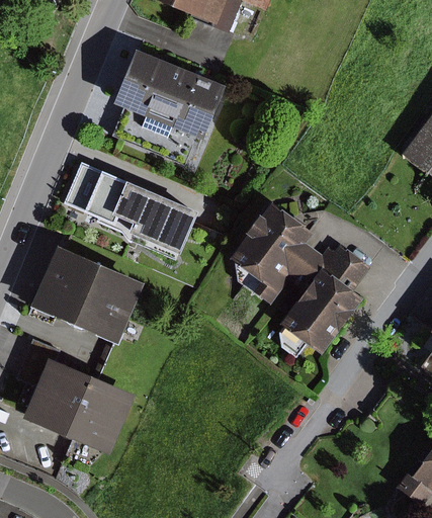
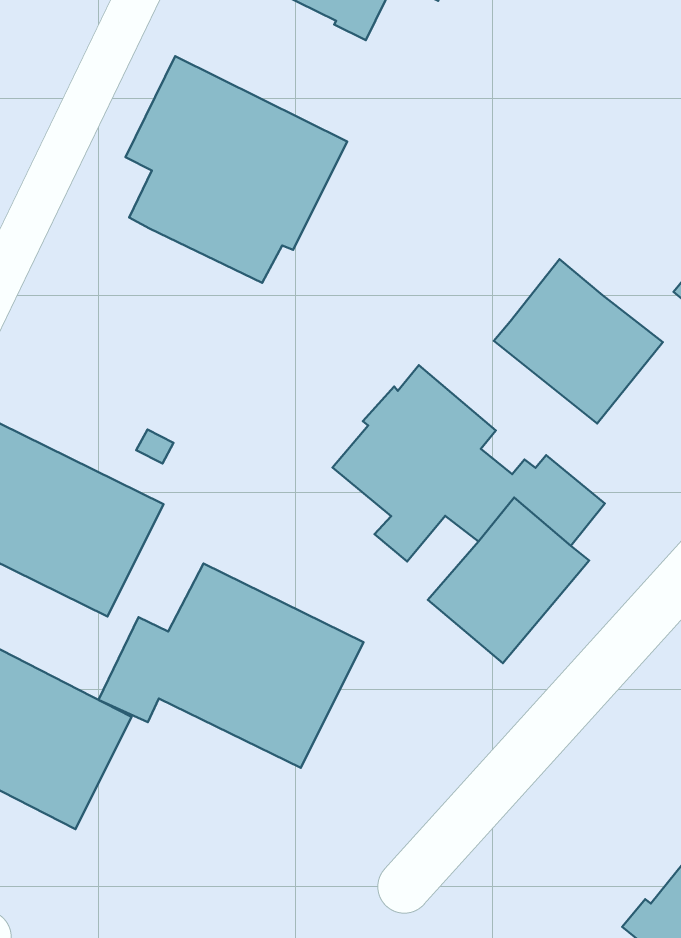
building: none -> [494,259,663,424]
building: [66,163,199,260] -> none
building: none -> [99,564,364,768]

